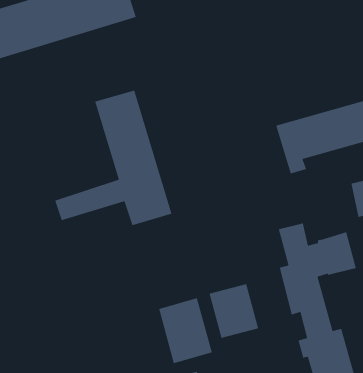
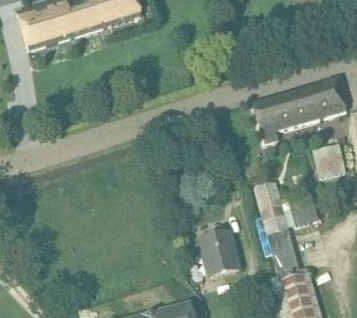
building: [54,89,173,226] -> none
building: [158,297,213,364] -> none

